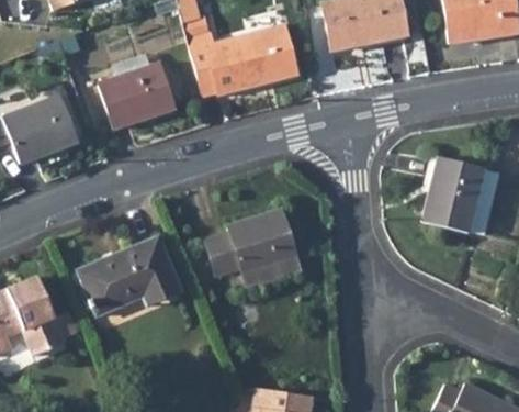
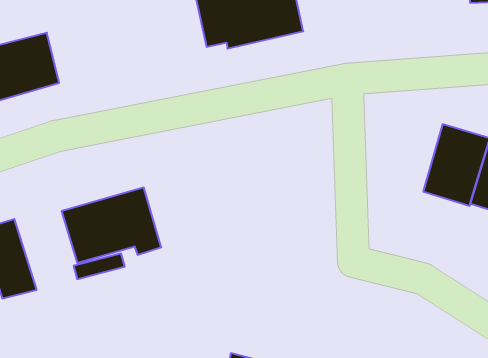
building: [102,69,176,133] -> none
building: [210,210,298,277] -> none

